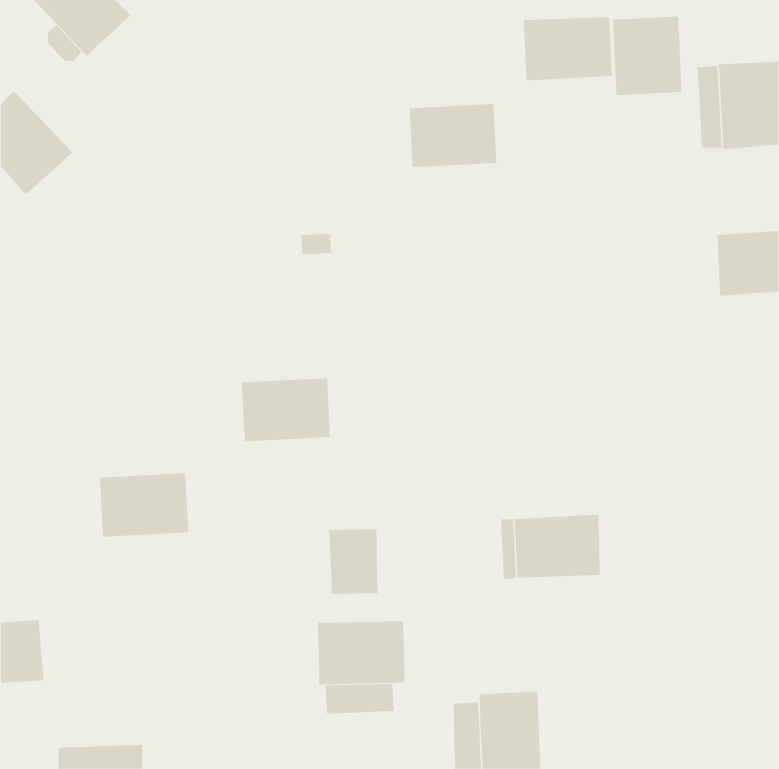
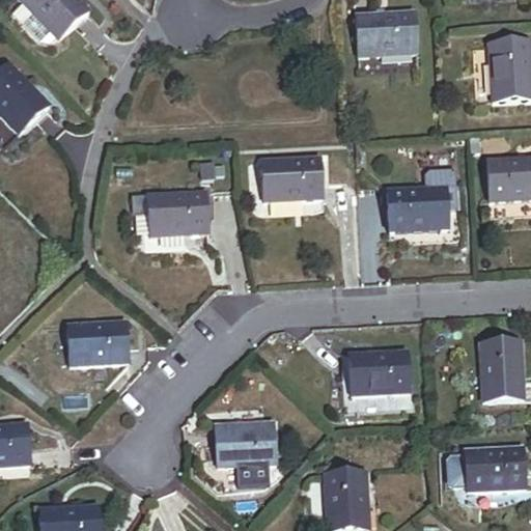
building: [612,16,682,96] -> none
building: [409,104,497,168] -> [262,157,323,200]
building: none -> [388,173,455,229]
building: [241,378,331,442] -> [147,192,208,235]
building: none -> [481,340,524,399]
building: [329,528,378,595] -> none
building: none -> [448,447,525,492]

